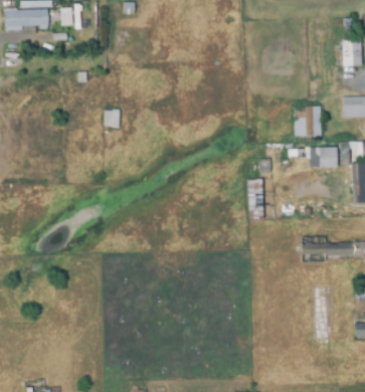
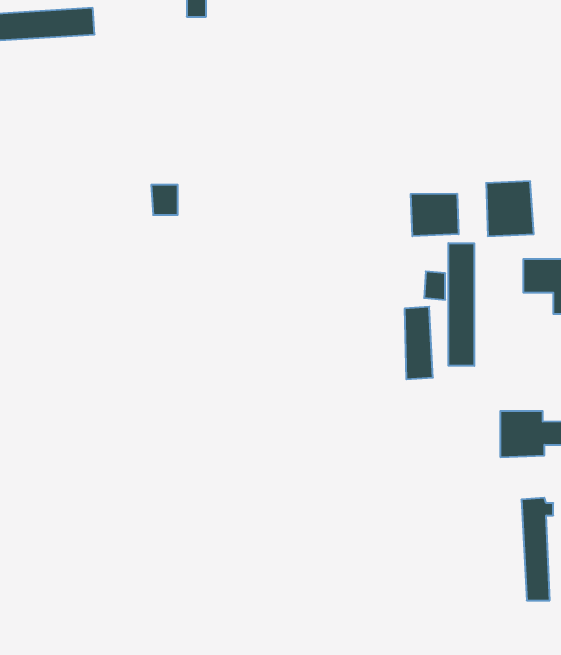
building: none -> [411,194,459,236]
building: none -> [448,243,474,366]

